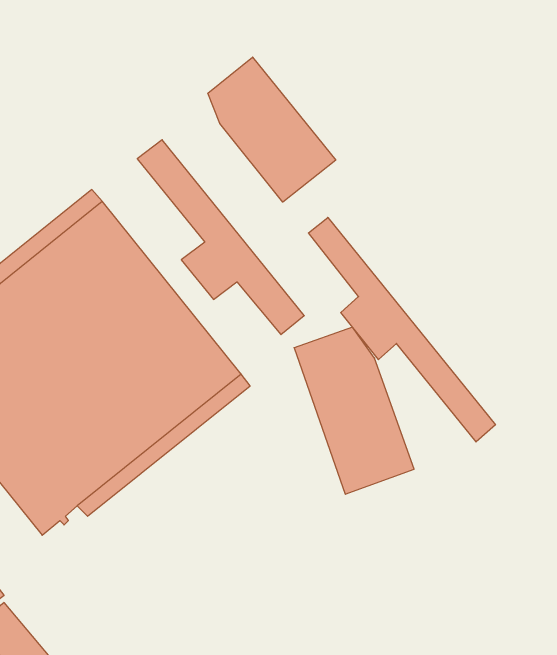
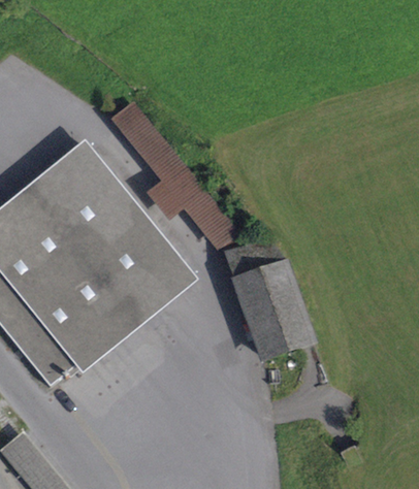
building: [208,57,336,202] -> none
building: [308,217,495,442] -> none

